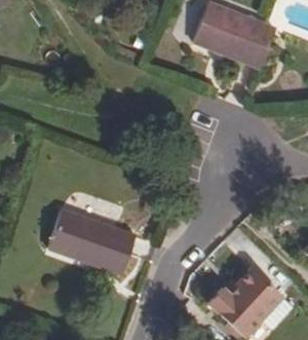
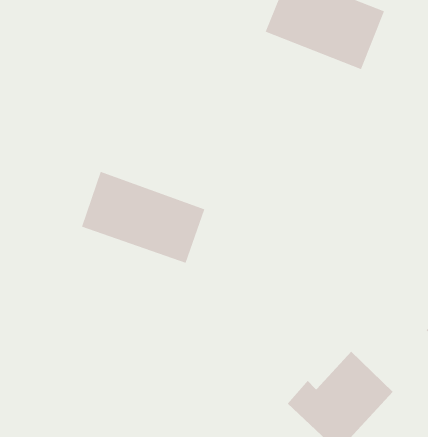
building: [48,209,136,273] -> [81,171,205,263]

